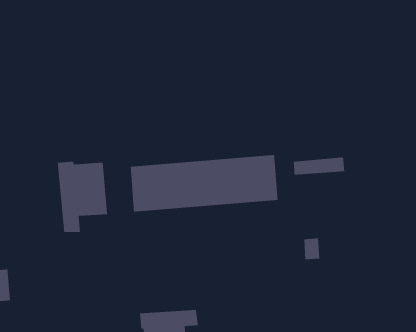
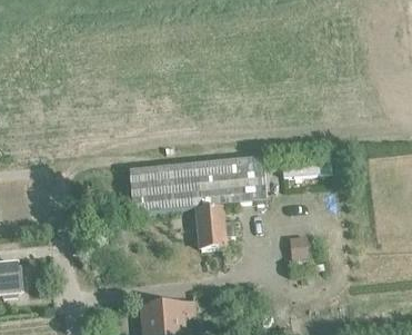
building: [57,159,108,233] -> none
building: none -> [195,206,233,249]

